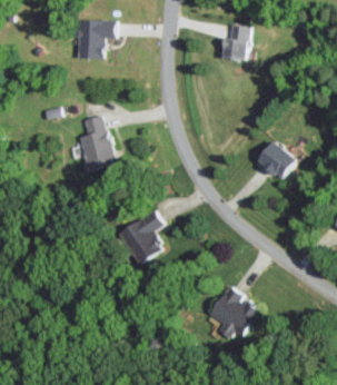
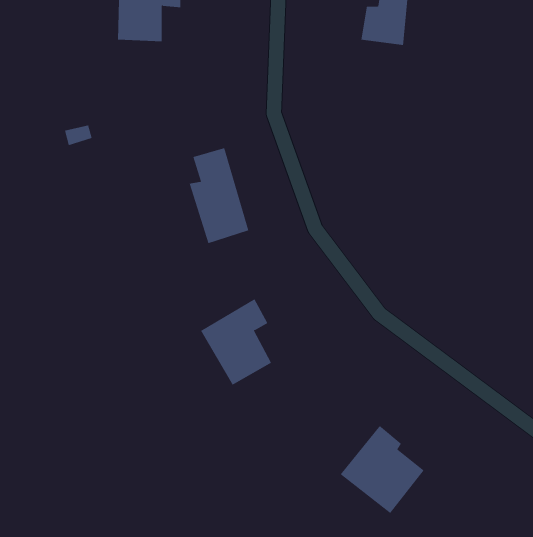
building: [81,115,117,171] -> [189,148,249,244]
building: [254,140,296,181] -> none

